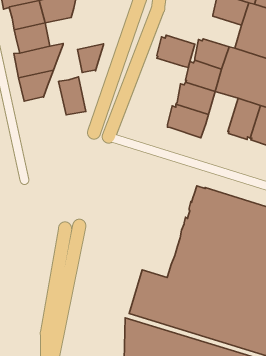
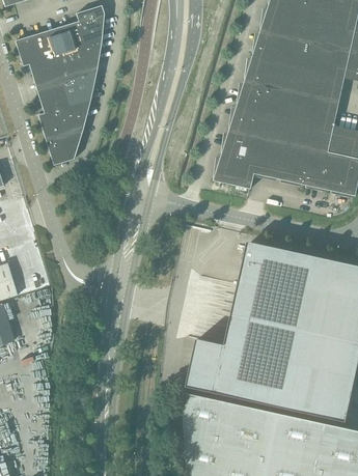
building: [157,35,195,68] -> [243,56,283,89]
building: [77,44,104,73] -> [68,71,97,104]
building: [59,77,86,115] -> none
building: none -> [253,138,286,181]

